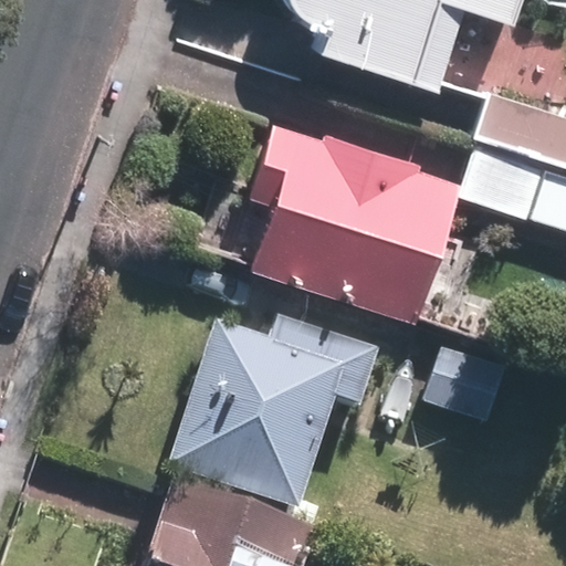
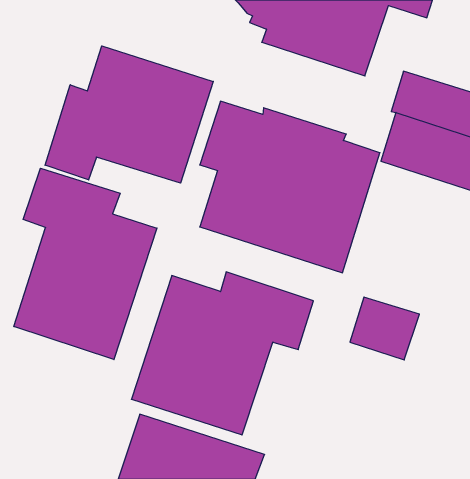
building: none -> [45,46,213,183]
building: none -> [14,168,157,360]

